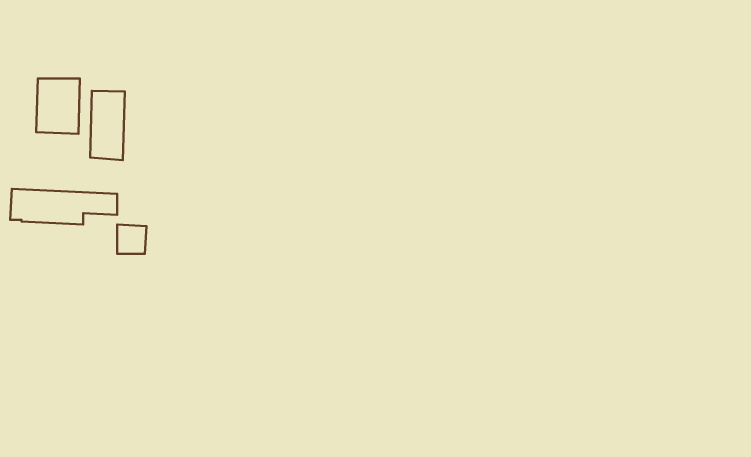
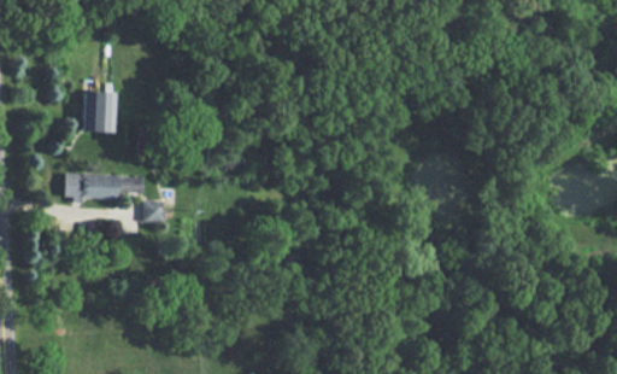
building: [90,91,125,160] -> none

